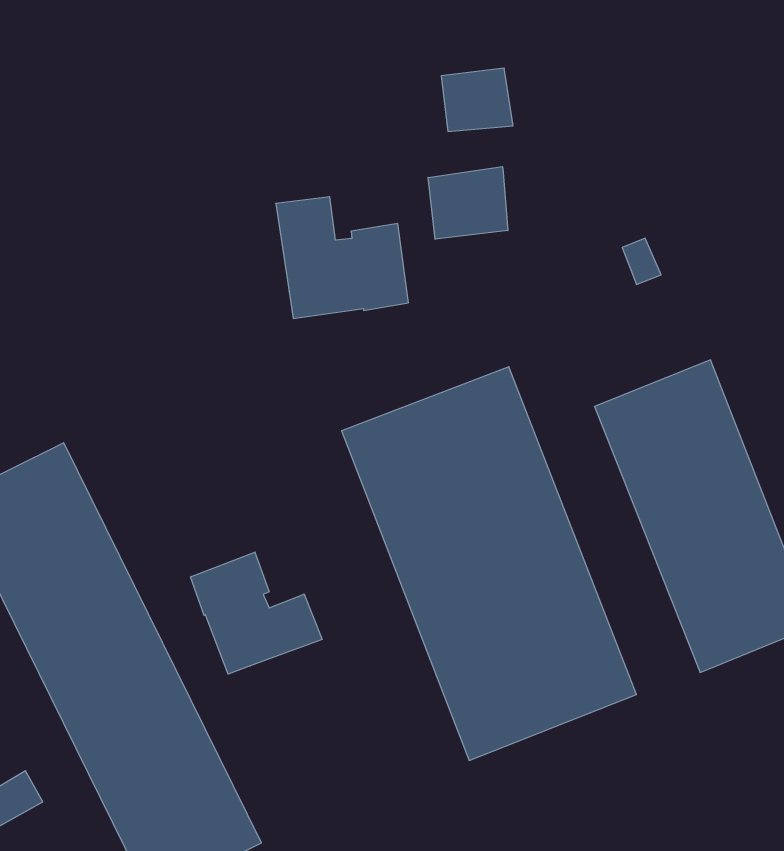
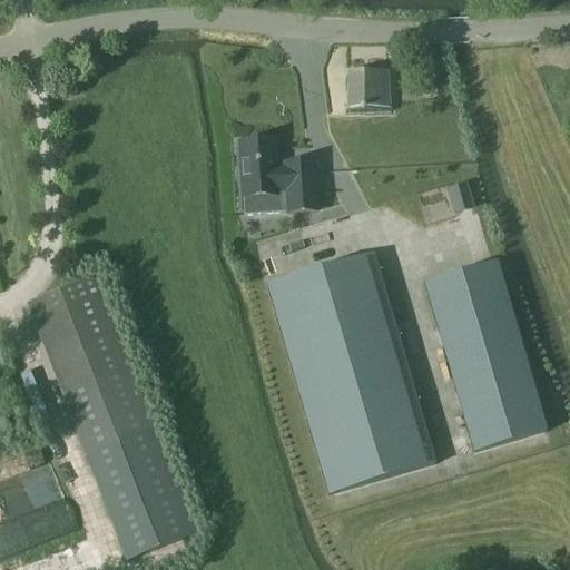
building: [428,167,508,239] -> none
building: [191,552,322,674] -> none

